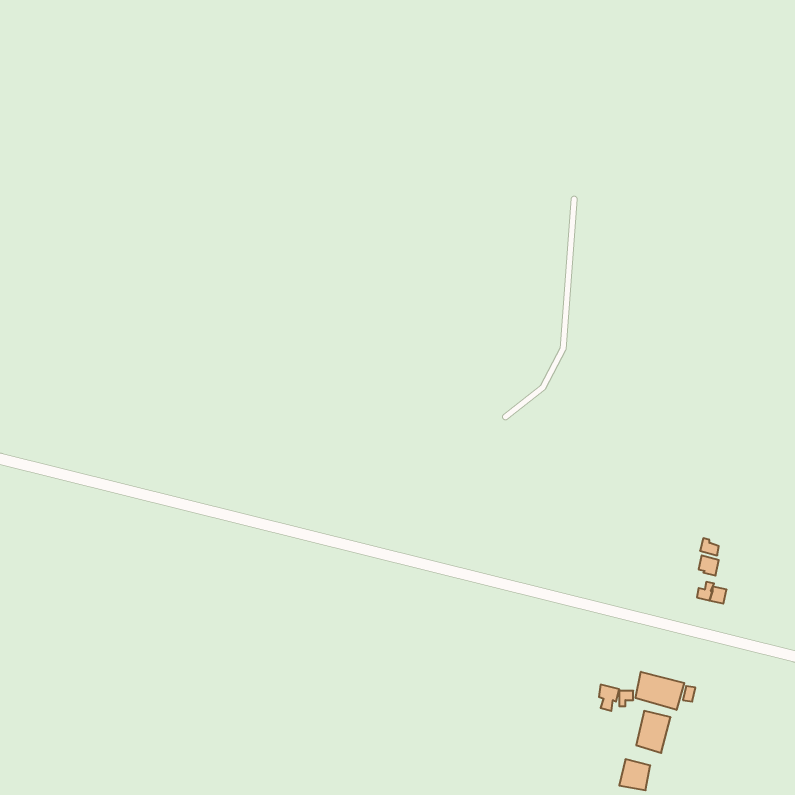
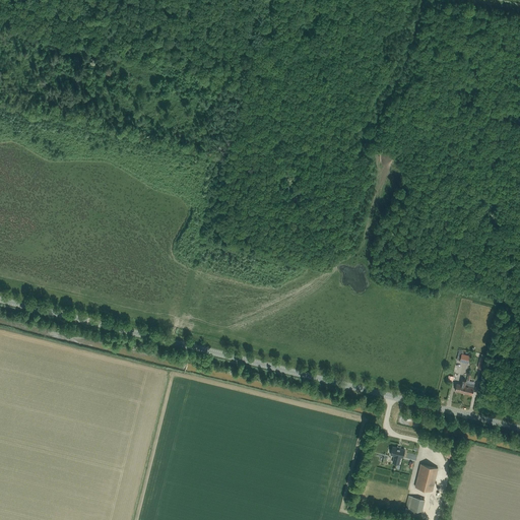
building: [636,672,684,710] -> none

